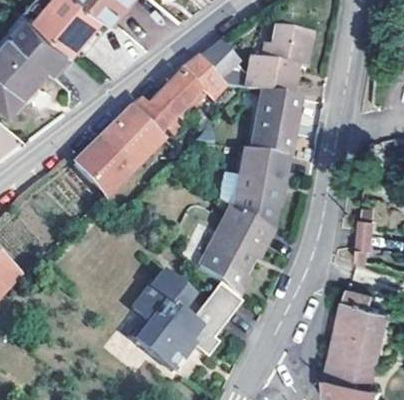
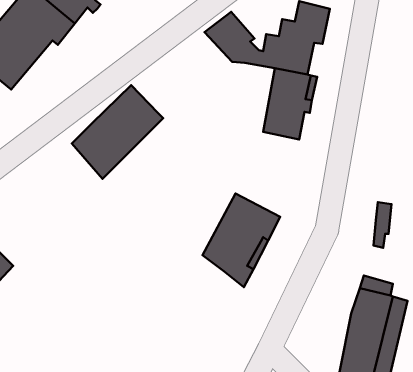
building: [128,58,223,135] -> none
building: [226,150,286,232] -> none
building: [129,273,238,371] -> none

